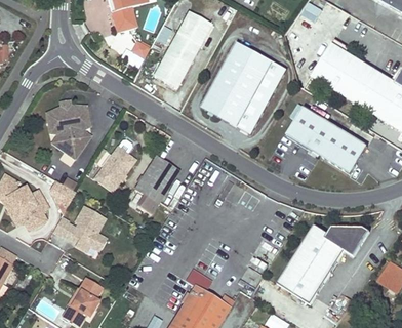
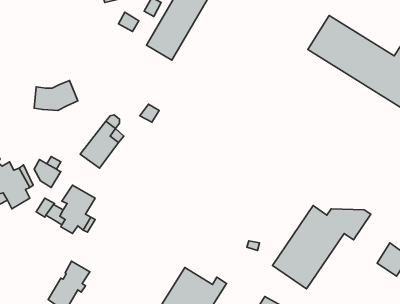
building: [203,40,288,131] -> none
building: [286,106,367,173] -> none
building: [51,129,89,158] -> none
building: [133,154,178,212] -> none

